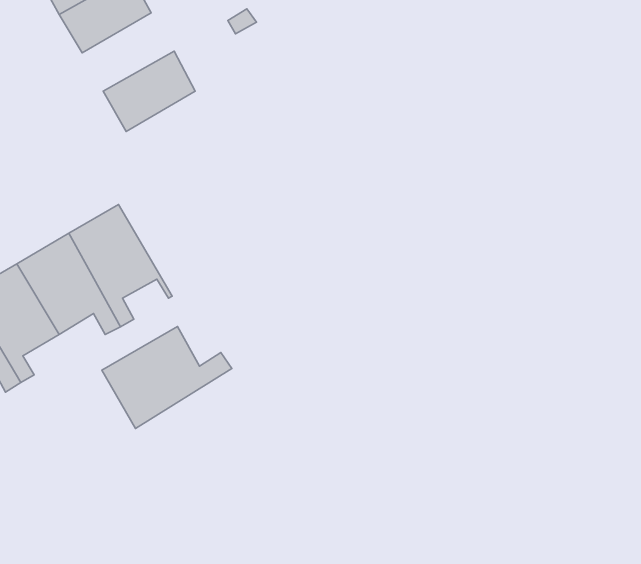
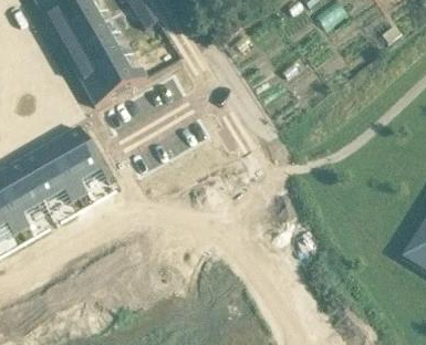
building: none -> [59,14,112,60]
building: none -> [84,60,148,105]
building: [102,327,232,428] -> none

